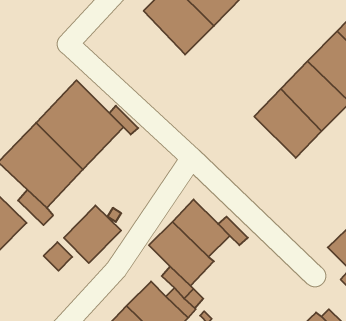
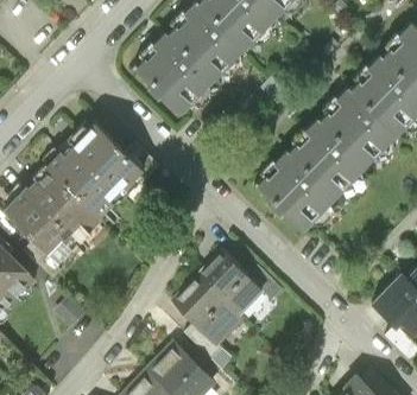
building: none -> [134,39,211,117]
building: none -> [254,157,335,237]
building: [64,205,121,263] -> none

